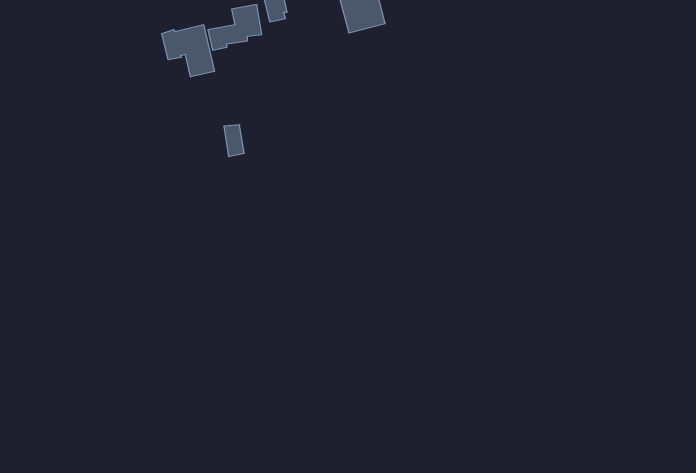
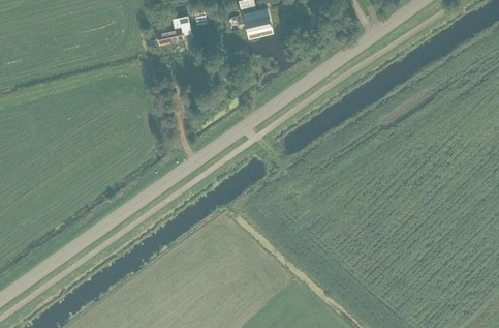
building: [162,25,215,77] -> none

